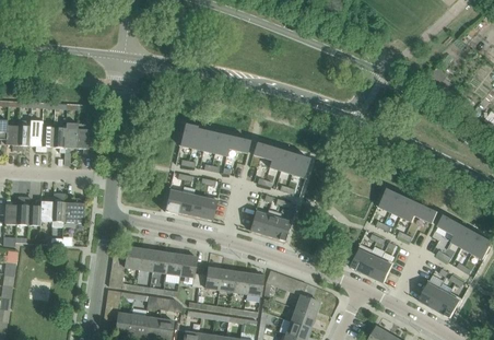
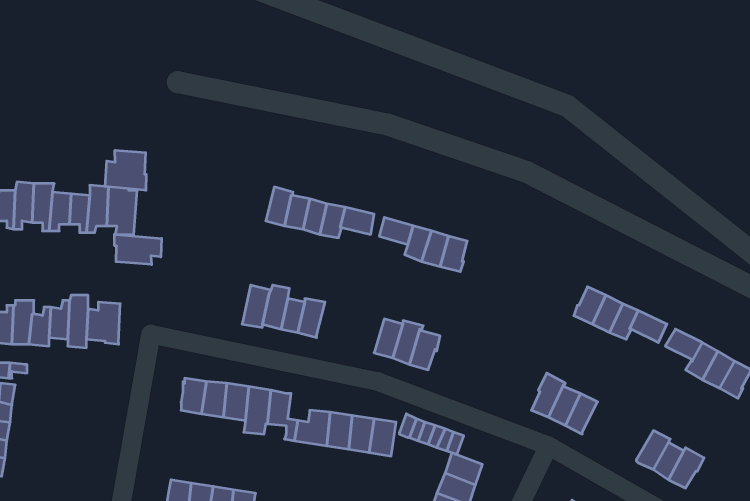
building: none -> [105,150,146,190]
building: none -> [114,234,162,265]

